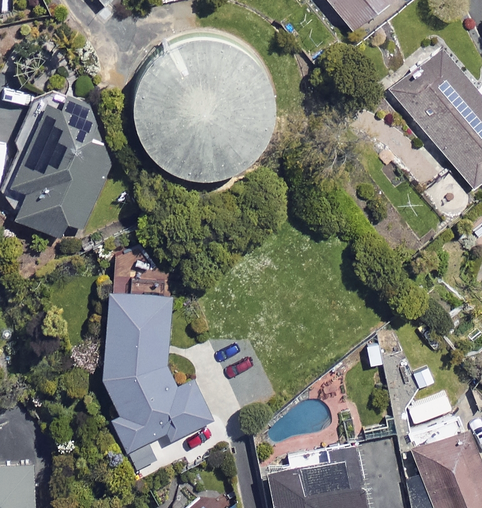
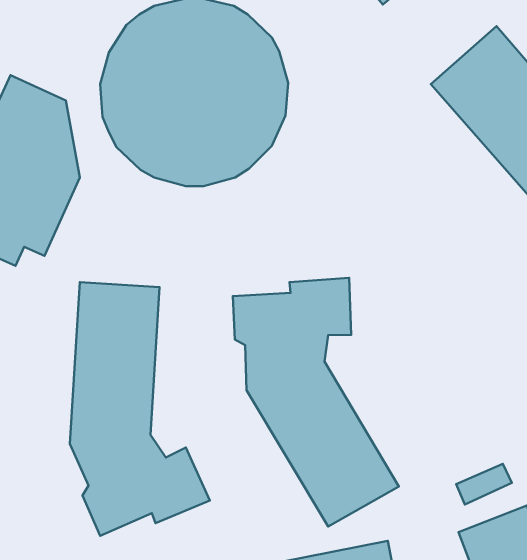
building: none -> [233,278,399,527]

